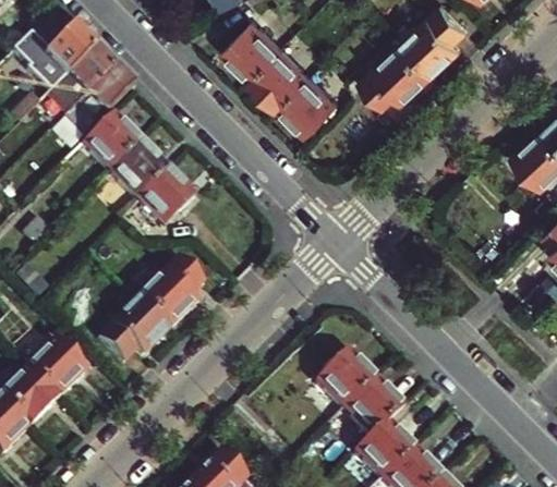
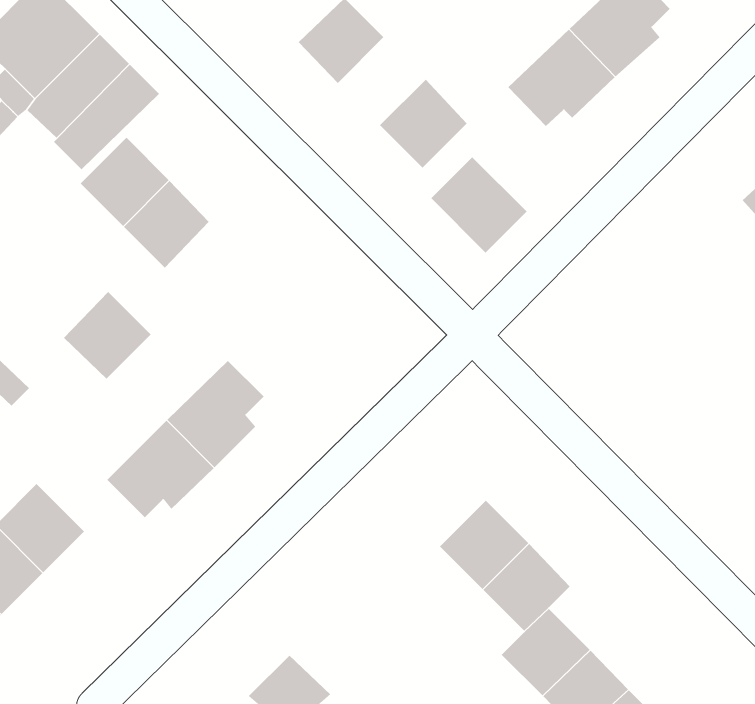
building: [249,48,306,106] -> none
building: none -> [431,156,527,253]
building: [135,169,193,227] -> [63,291,151,379]

